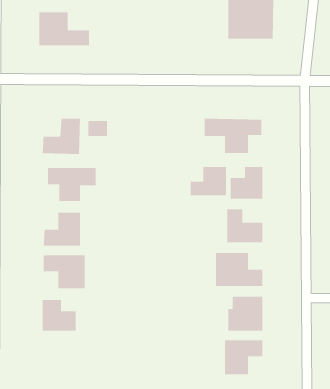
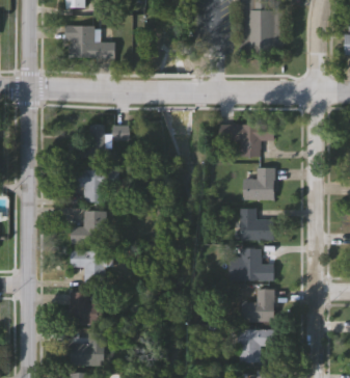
building: [190,166,227,196] -> none
building: none -> [70,333,104,366]

